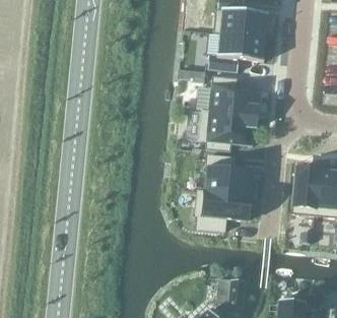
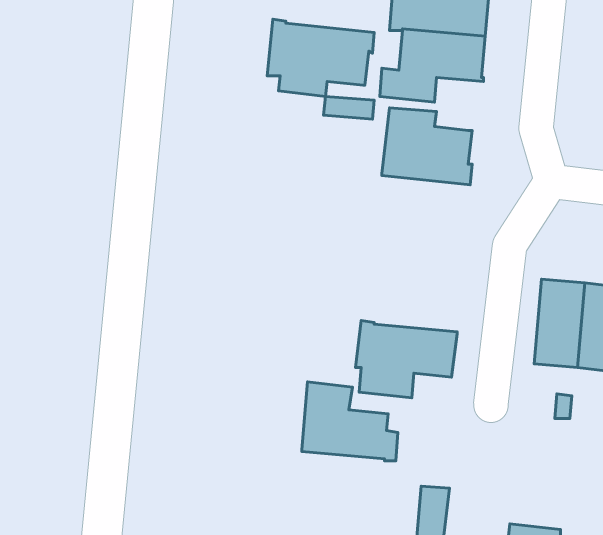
building: [200,108,258,149] -> [267,19,374,96]
building: [206,152,258,195] -> [302,382,398,461]

